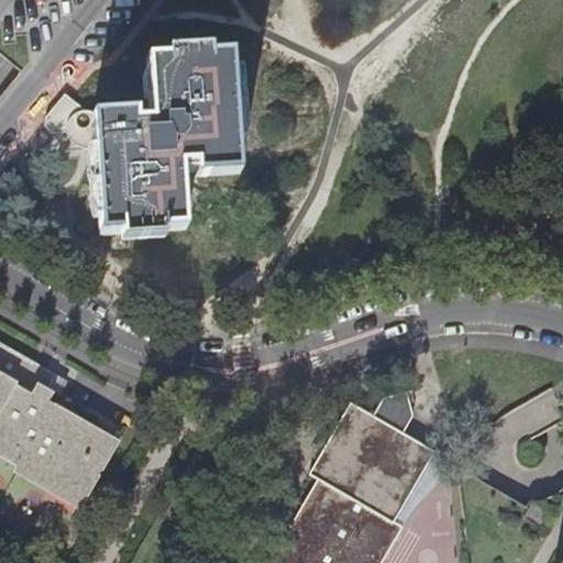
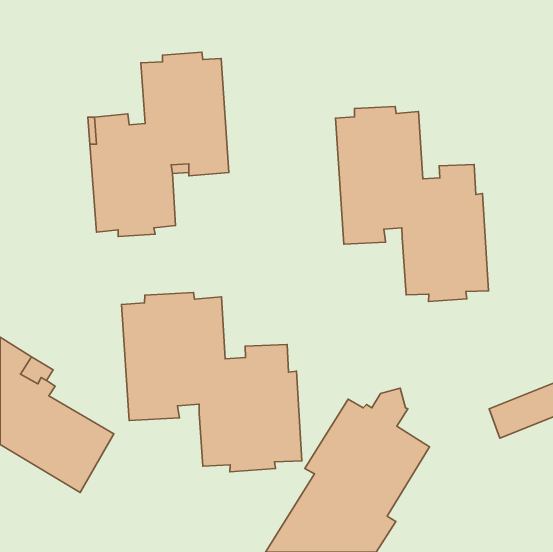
building: none -> [335,106,488,302]
building: none -> [122,292,302,472]

